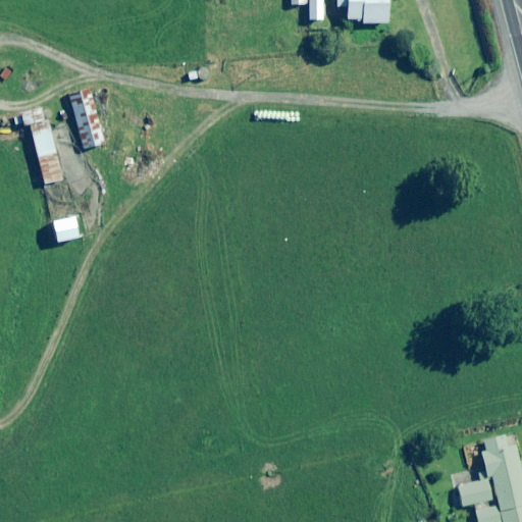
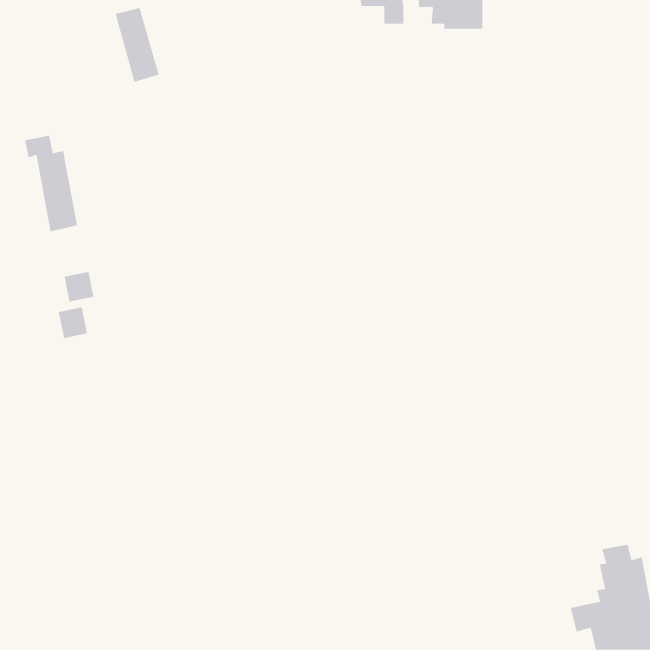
building: [68,89,104,149] -> [115,7,159,83]
building: none -> [58,307,88,339]

